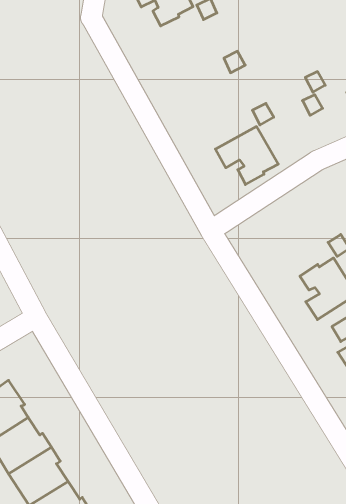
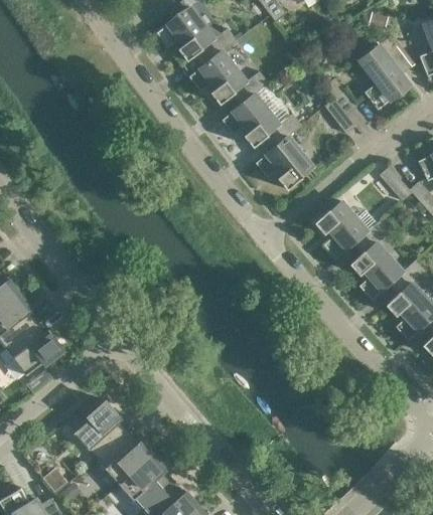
building: none -> [188,51,246,106]
building: none -> [222,95,279,148]
building: none -> [314,201,368,259]

